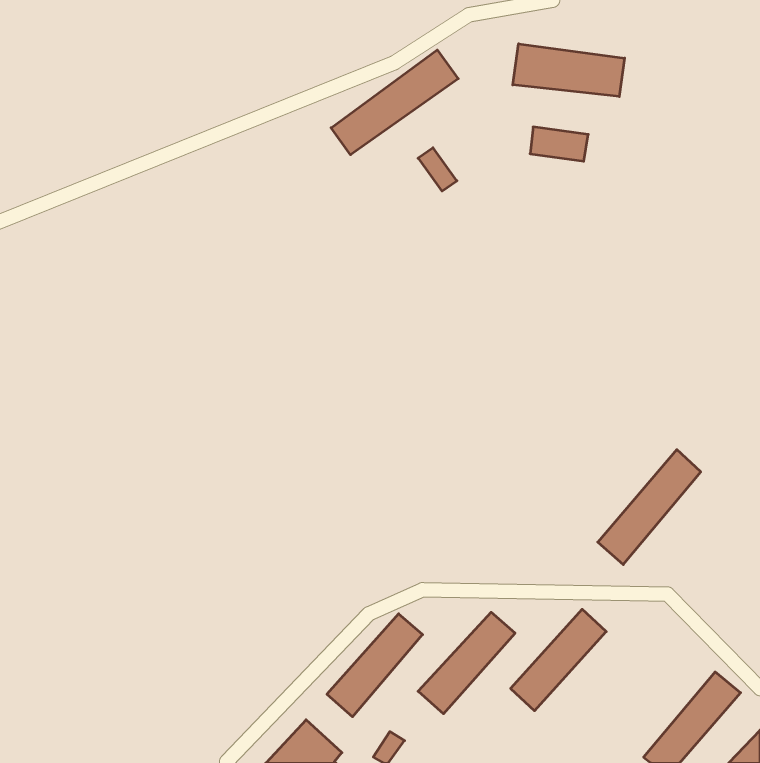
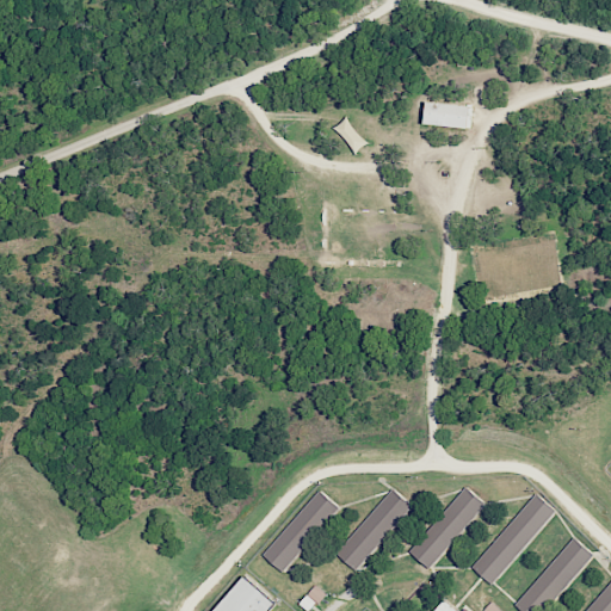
building: [513,44,625,97] -> none
building: [331,50,458,155] -> none
building: [598,450,701,565] -> [471,493,554,585]

